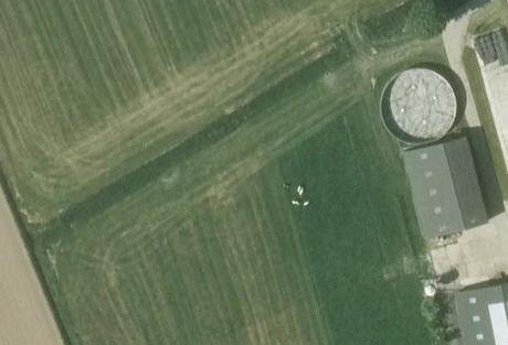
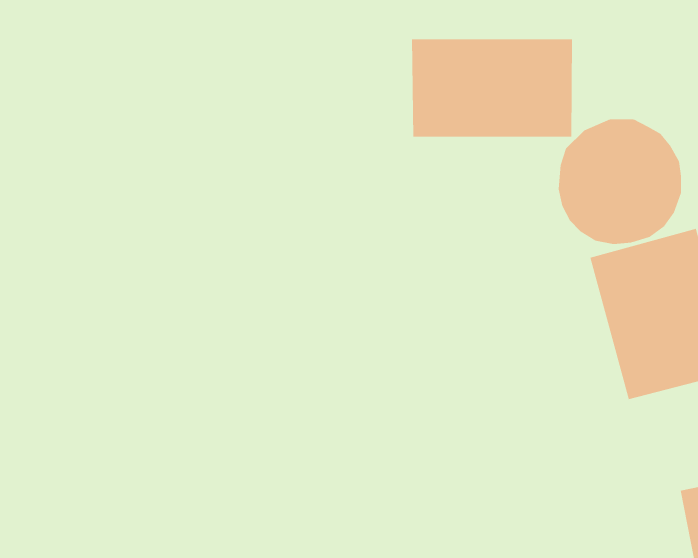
building: none -> [412,38,573,137]

